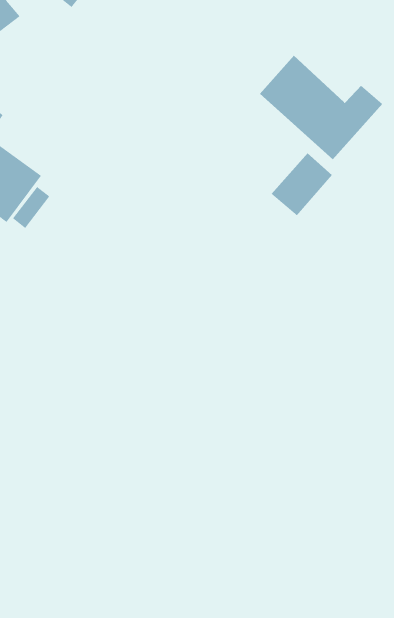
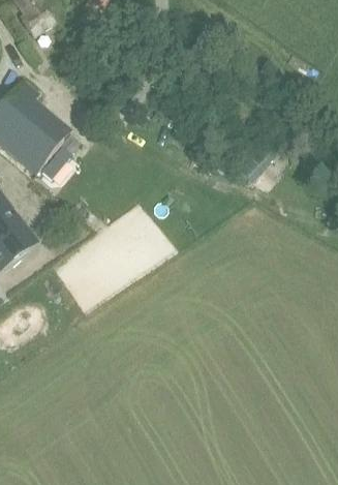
building: [259,55,383,160] -> none

